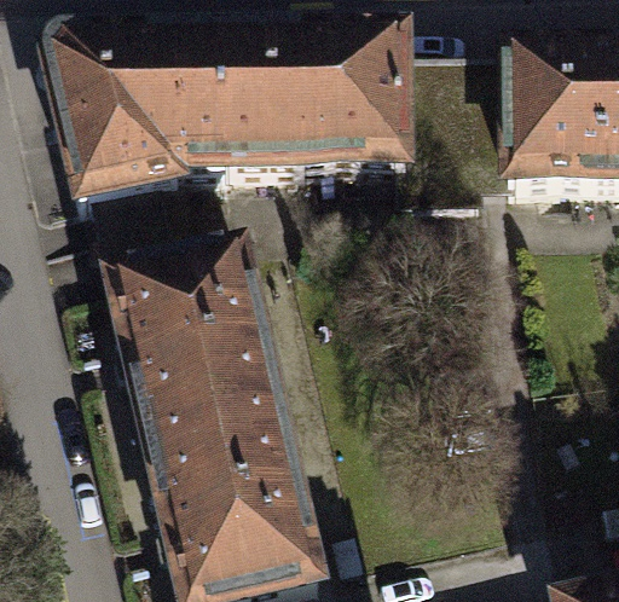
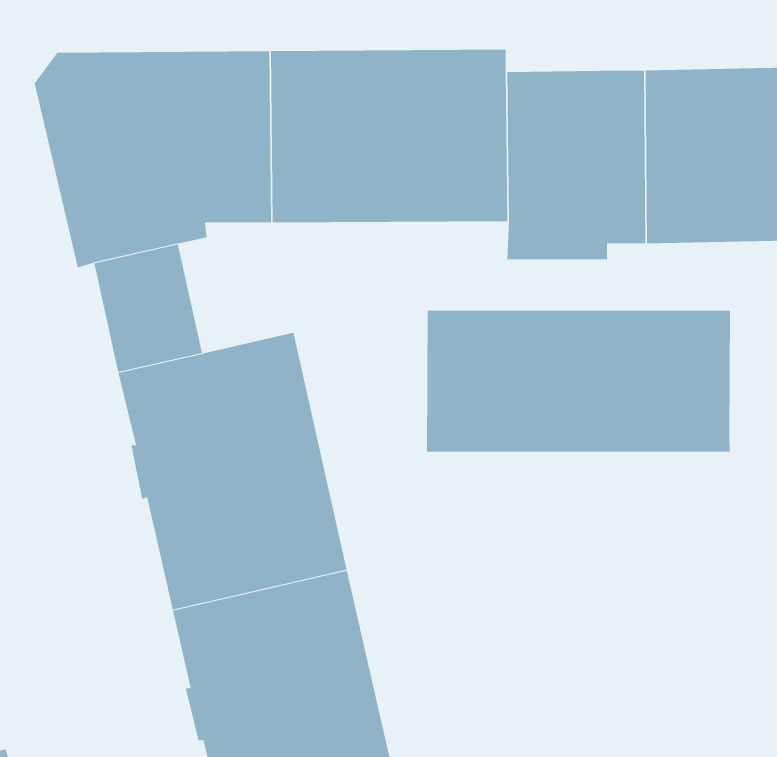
building: none -> [427,310,731,452]

